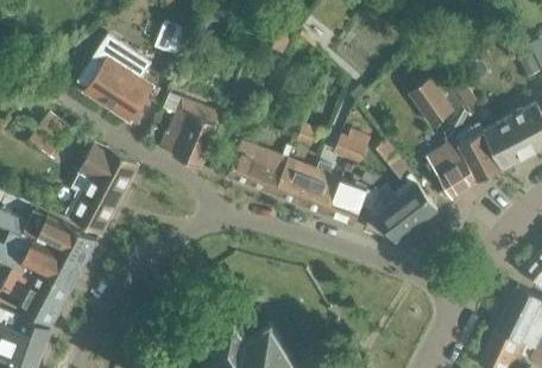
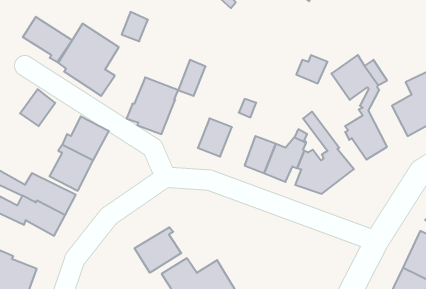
building: none -> [23,17,72,62]
building: [454,123,502,183] -> none
building: [333,128,371,163] -> [296,55,328,83]
building: [227,140,260,184] -> [178,60,206,96]
building: [273,159,311,204] -> none
building: [18,272,71,328] -> none
building: none -> [135,227,181,273]

